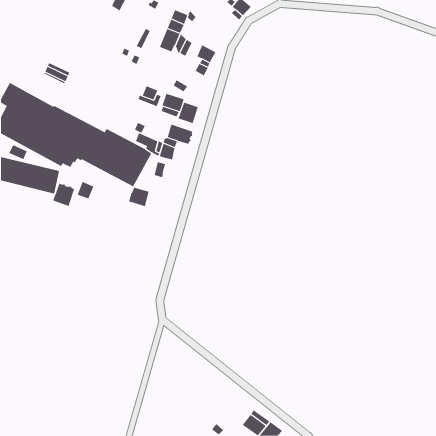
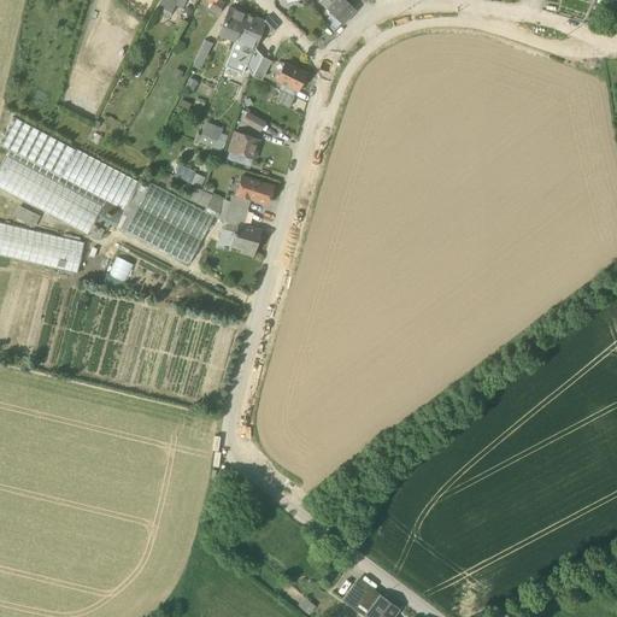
building: none -> [219,7,247,40]
building: [178,102,199,124] -> none
building: [52,183,75,207] -> none
building: [128,187,150,207] -> [231,224,262,252]

